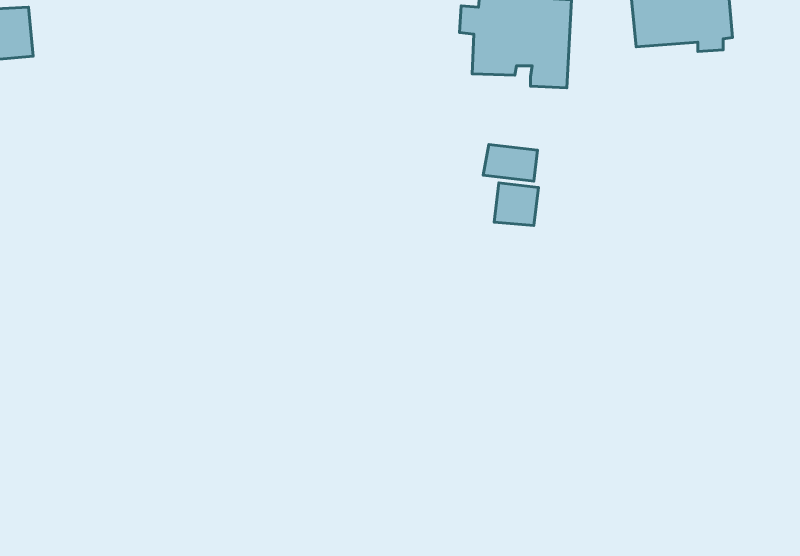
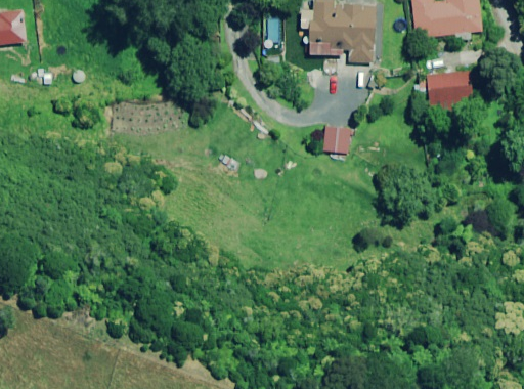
building: none -> [418,71,474,111]
building: [483,145,538,181] -> none

